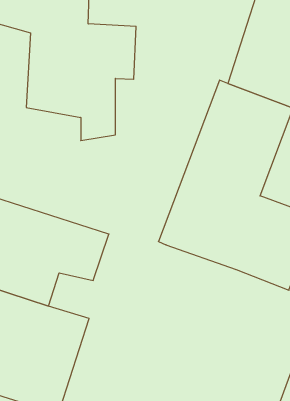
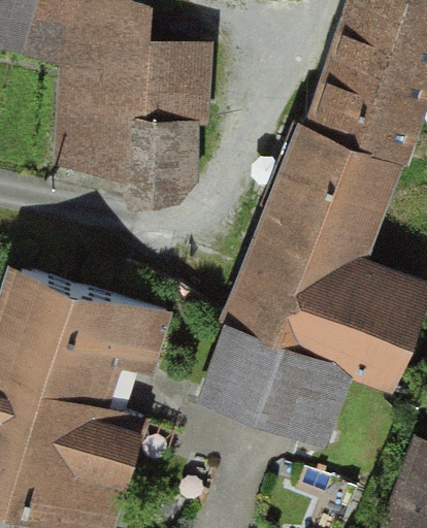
building: none -> [215,328,327,430]

